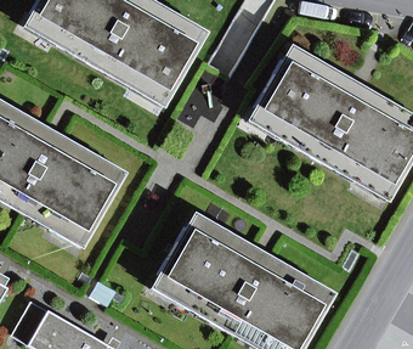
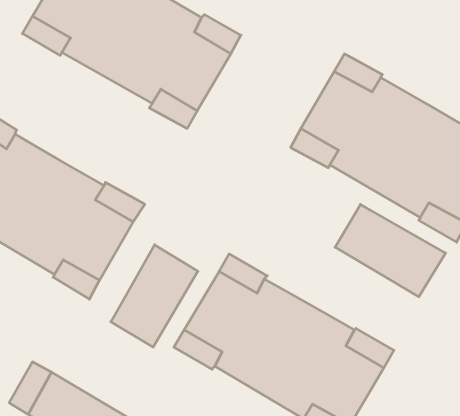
building: none -> [335,204,446,297]
building: none -> [111,245,198,347]

